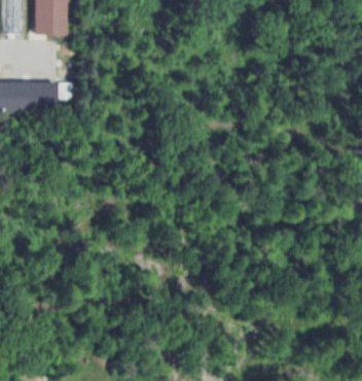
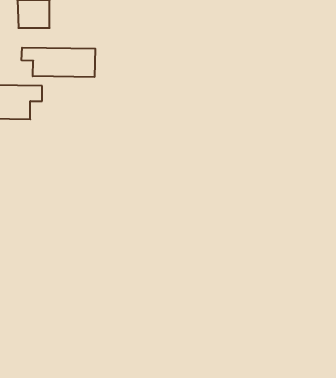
building: none -> [22,48,95,77]

